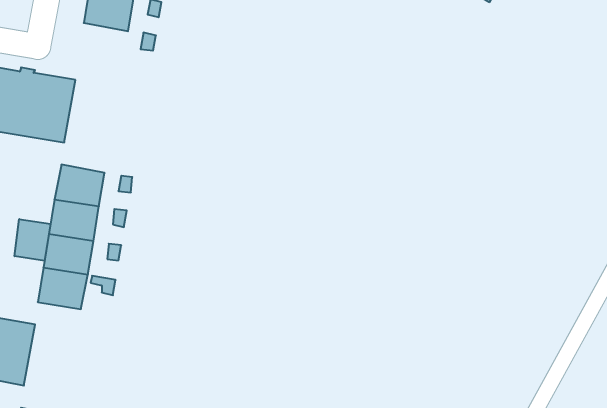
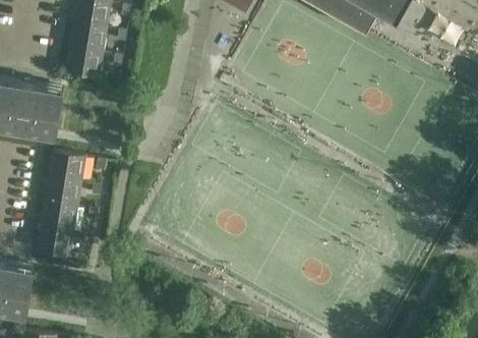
building: none -> [65,48,102,78]
building: [15,219,50,261] -> none

